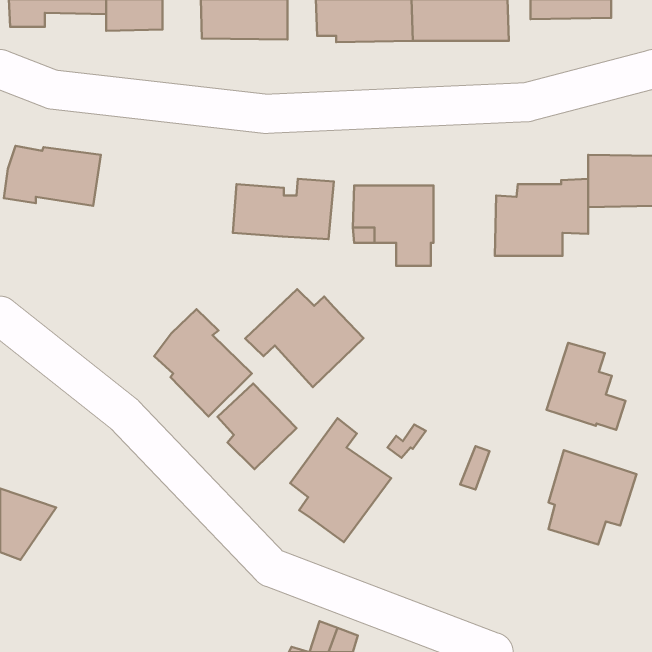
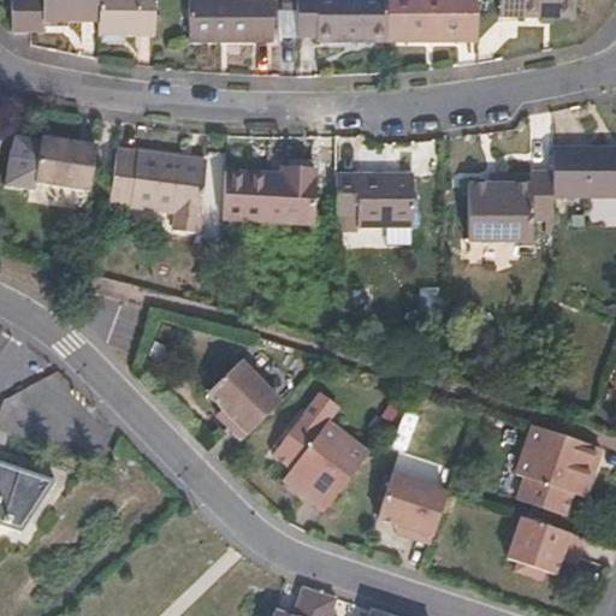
building: none -> [108,152,206,236]
building: [245,289,363,387] -> none
building: [154,309,252,417] -> none
building: [547,343,626,430] -> none
building: none -> [378,474,448,543]
building: none -> [508,516,584,580]

